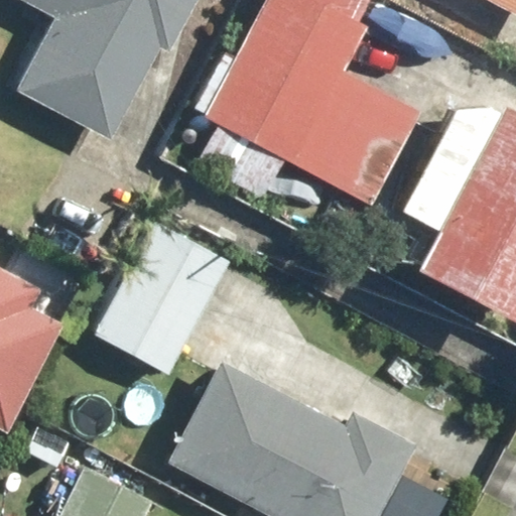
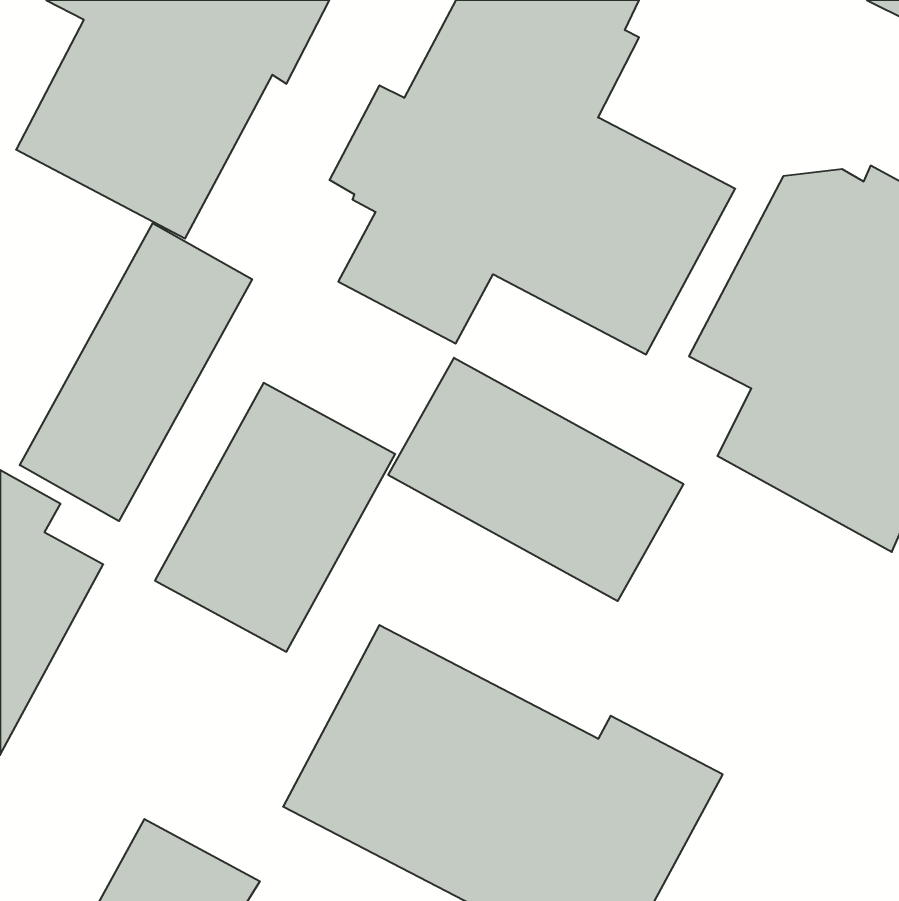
building: none -> [20,223,252,521]
building: none -> [388,358,683,601]

